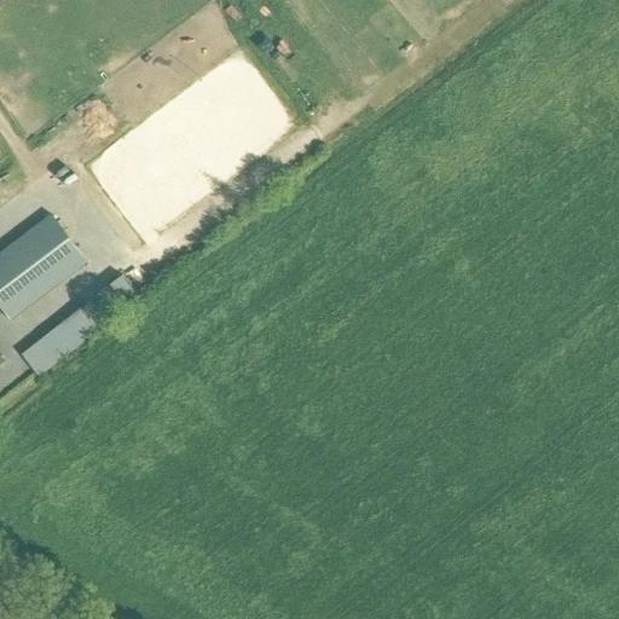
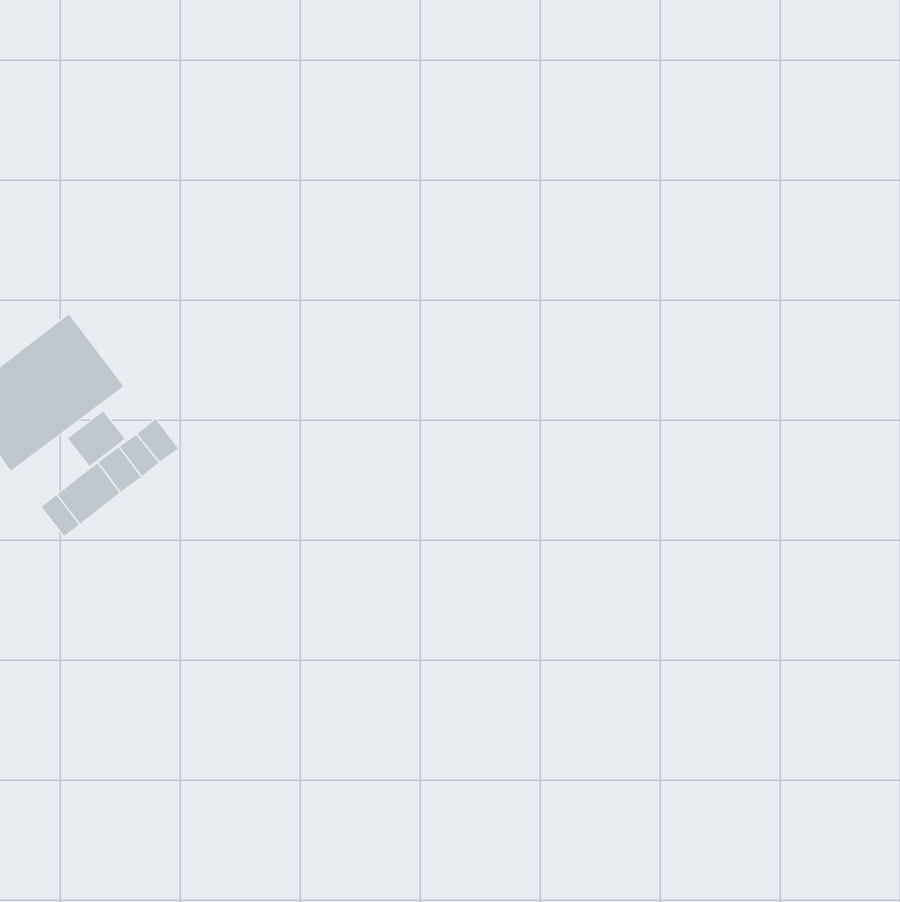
building: none -> [67,411,125,467]

